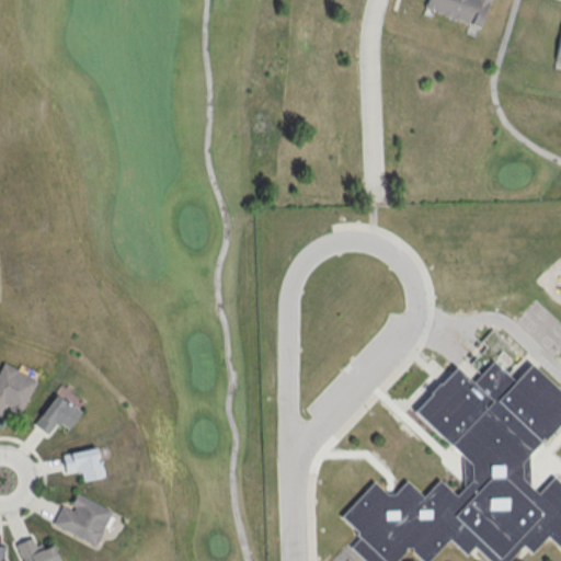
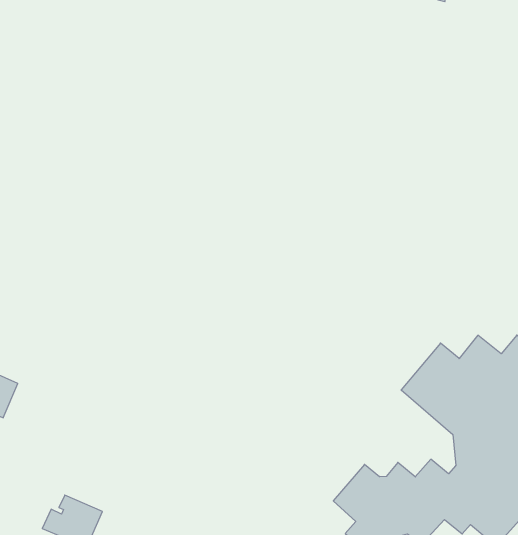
building: [34,393,82,435] -> none
building: [73,446,105,481] -> none

